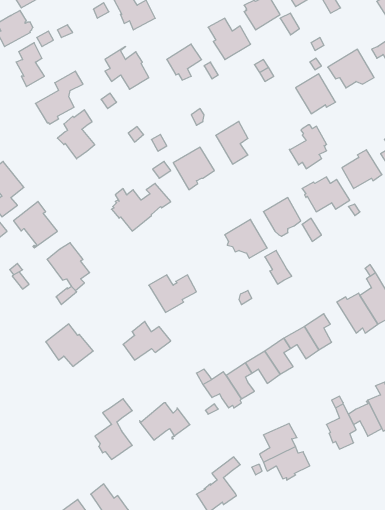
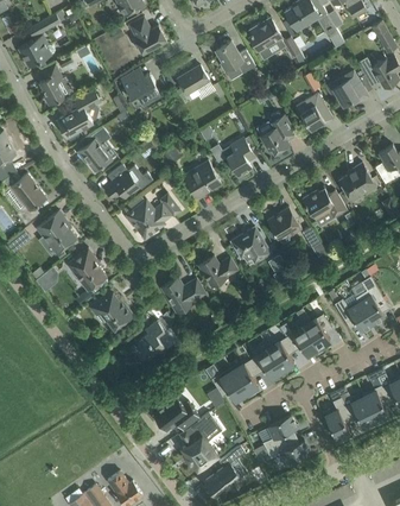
building: [289,125,327,169] -> [259,113,293,153]
building: none -> [103,164,152,198]
building: none -> [198,255,236,286]
building: [46,324,93,366] -> [89,290,133,329]
building: [95,399,132,459] -> [182,412,216,468]

